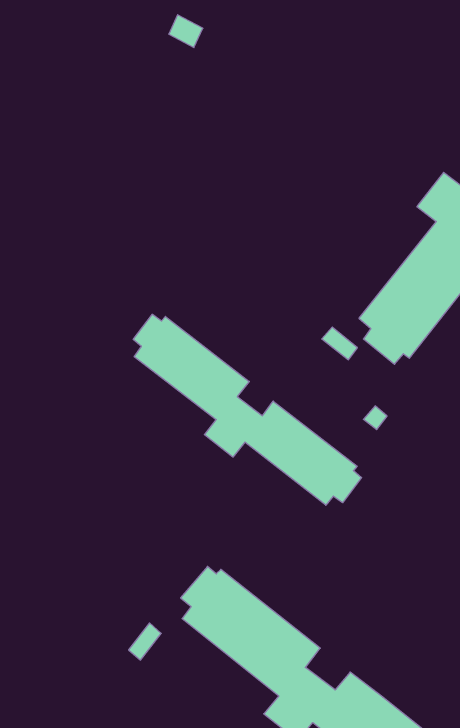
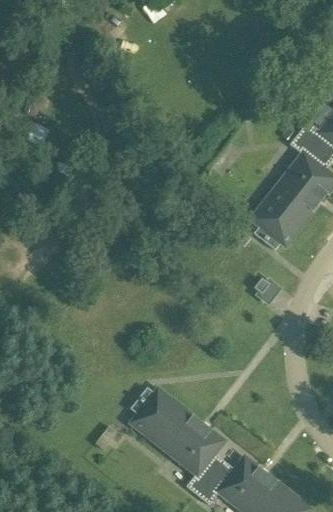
building: [133,314,362,505] -> none

